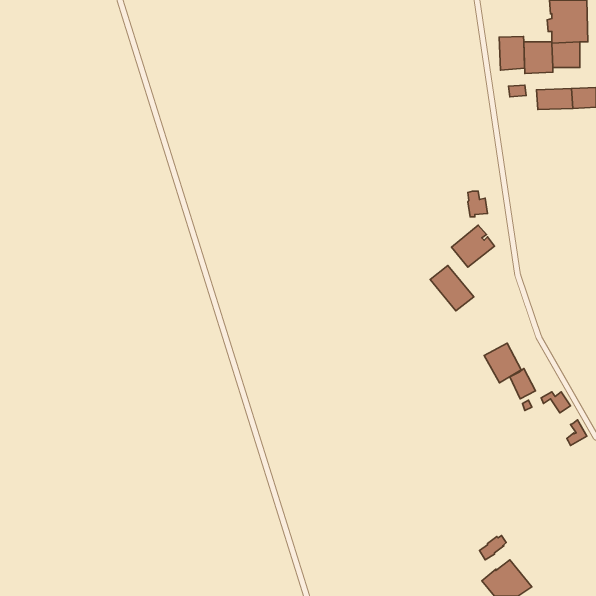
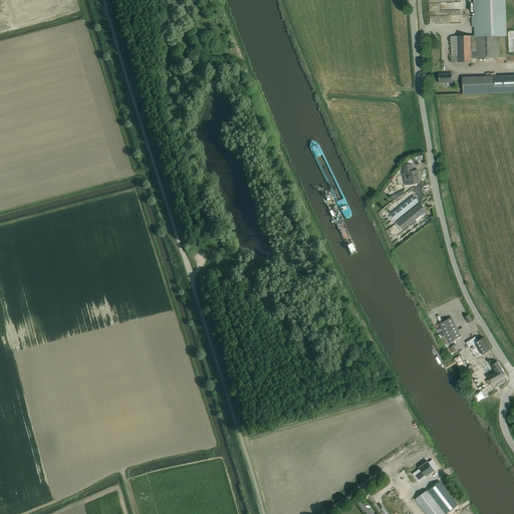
building: [499,36,524,70] -> none
building: [430,266,474,311] -> none
building: [484,343,521,383] -> none

